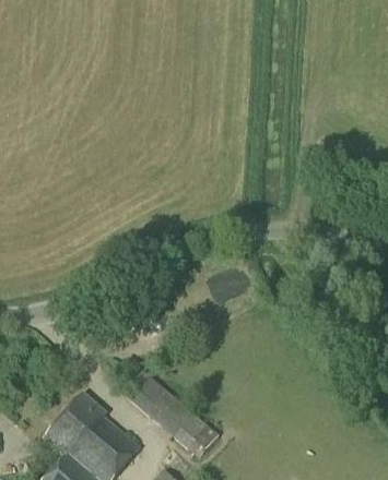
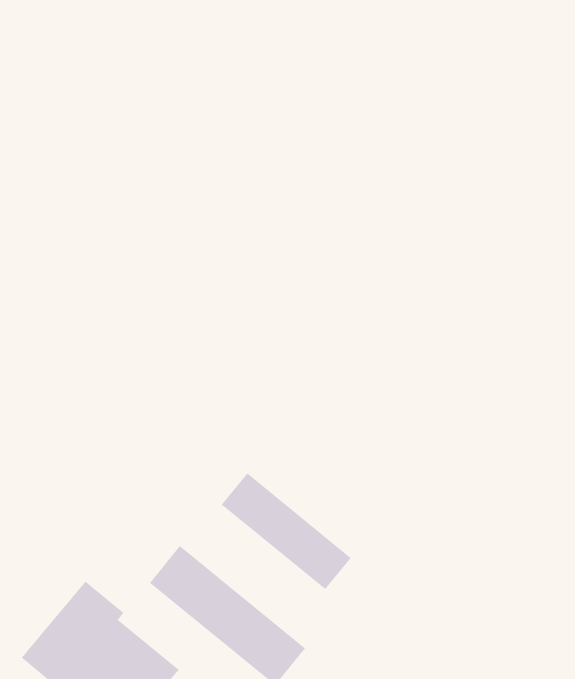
building: none -> [221,473,352,590]

